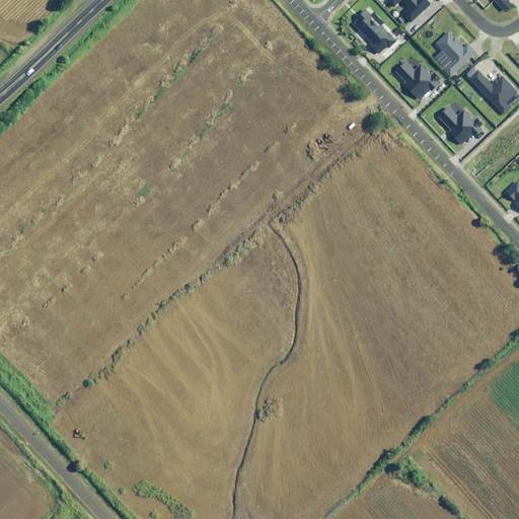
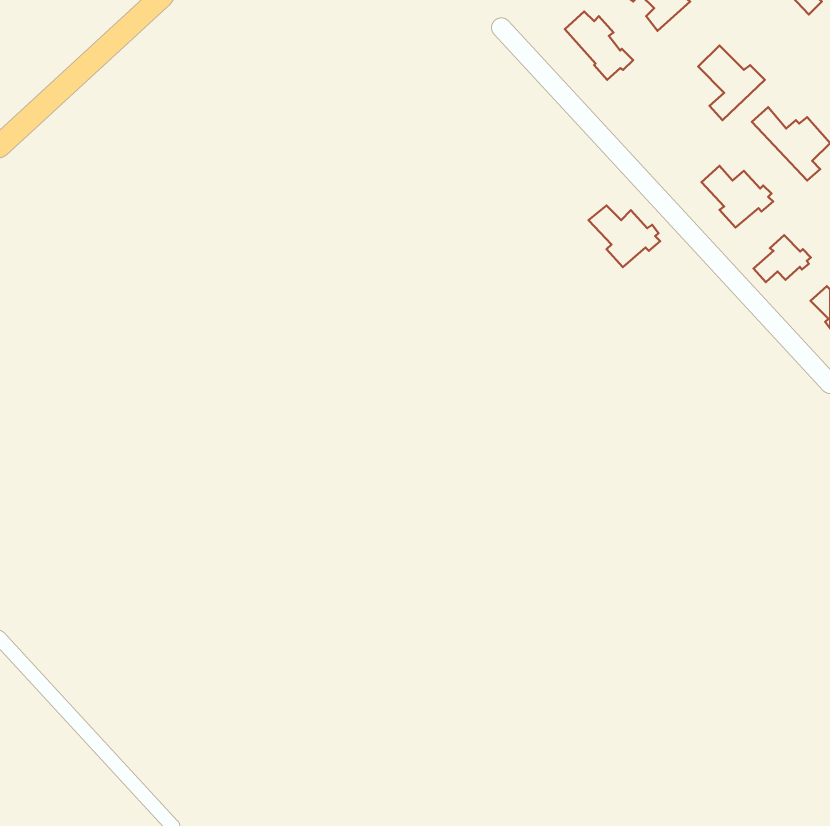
building: [393,58,438,96] -> [589,205,660,267]
building: none -> [754,235,811,282]

